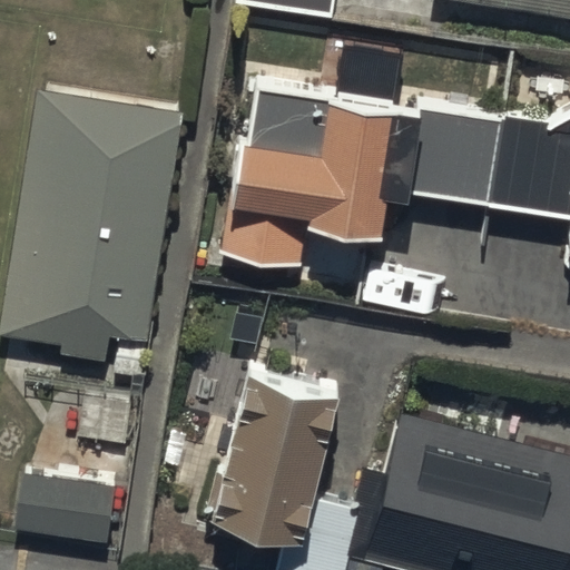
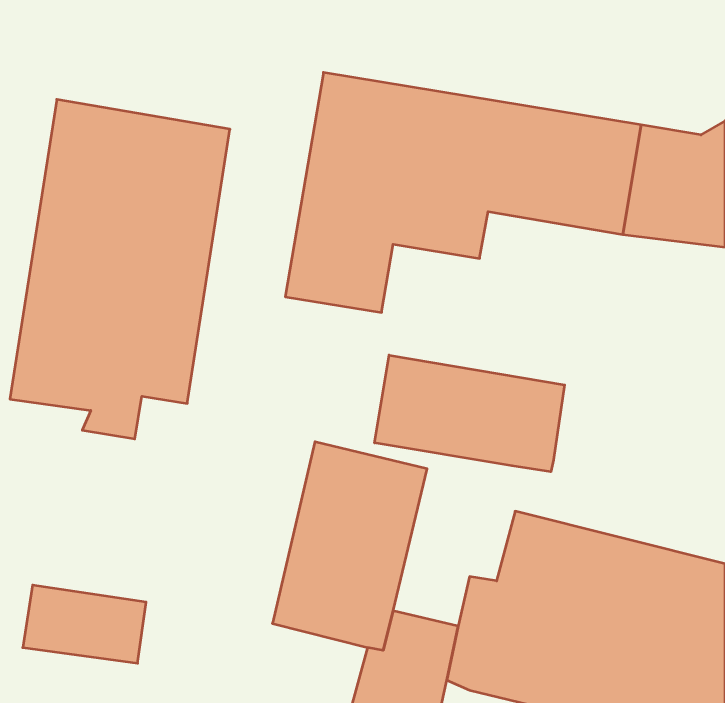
building: none -> [375,355,565,472]

